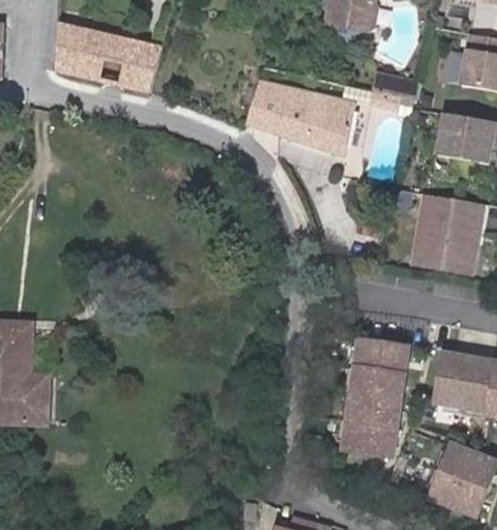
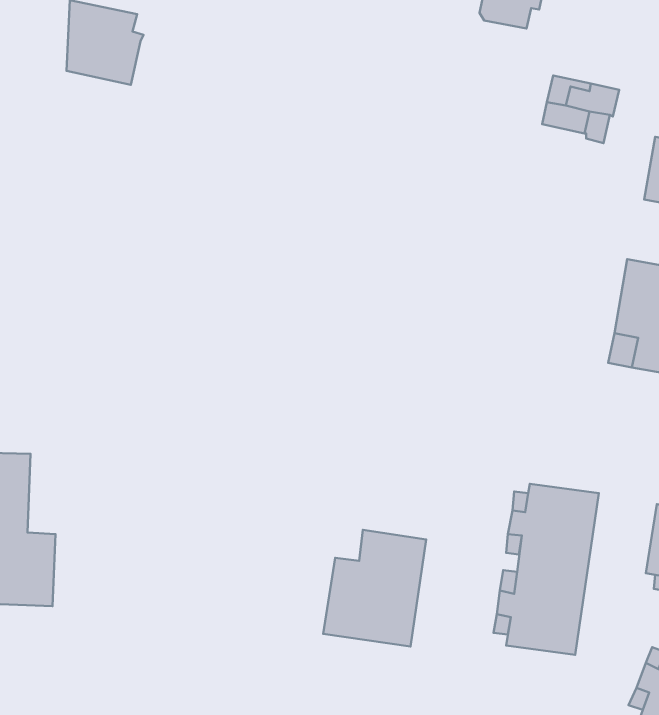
building: [100,32,163,91] -> none
building: [246,81,356,155] -> none
building: none -> [323,530,426,647]

